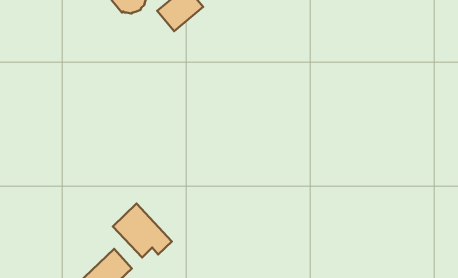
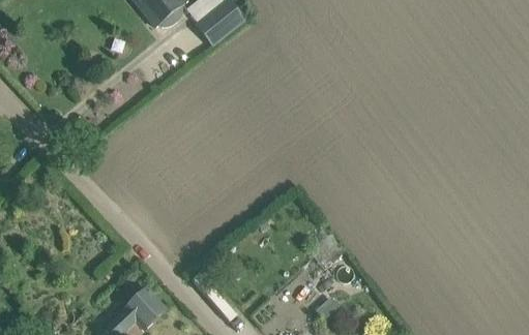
building: [113,204,172,257] -> none

